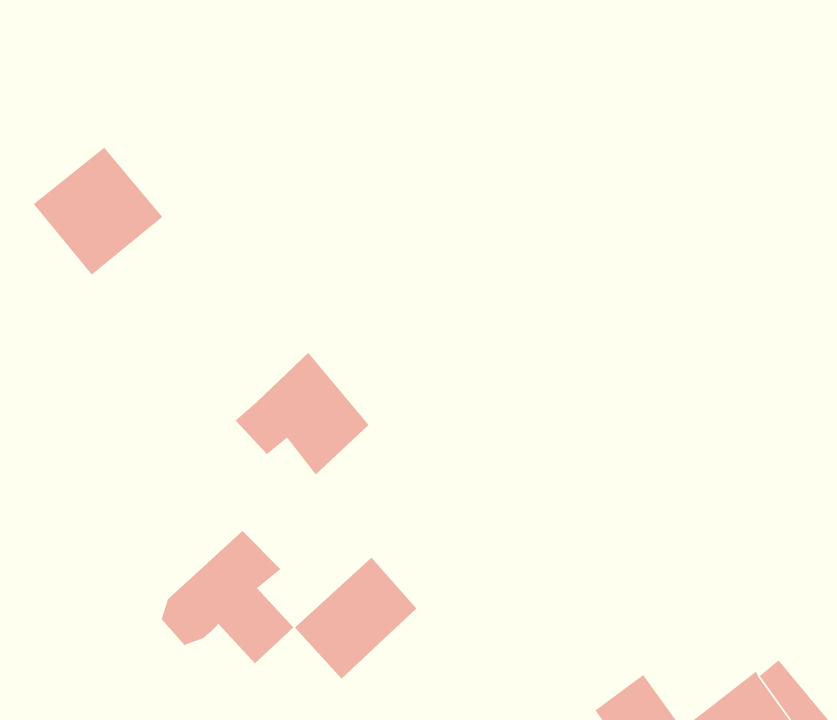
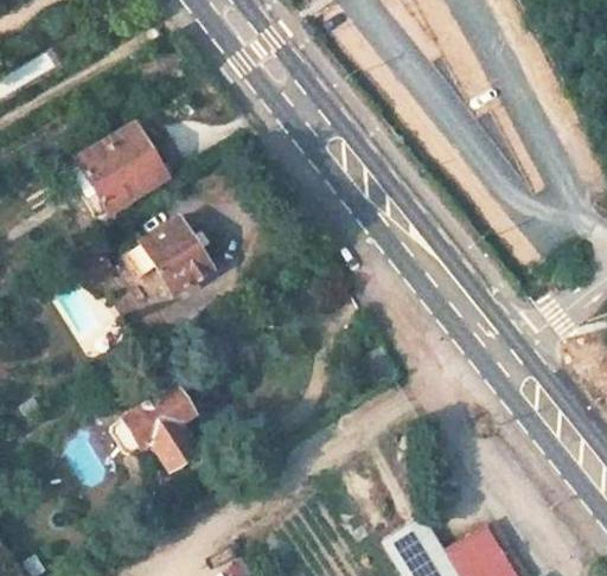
building: [235,352,369,475] -> [128,216,212,294]
building: [294,557,417,679] -> none

